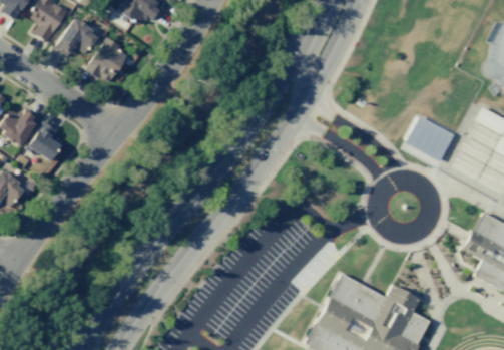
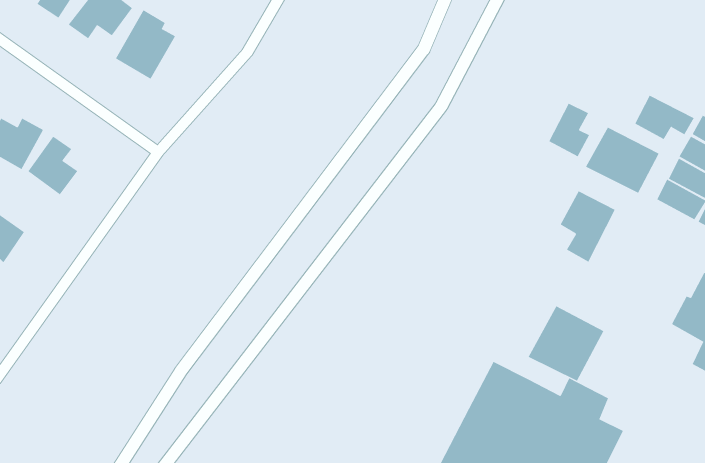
building: none -> [634,95,695,140]
building: none -> [549,103,590,157]
building: none -> [560,190,615,262]
building: none -> [528,305,604,382]

